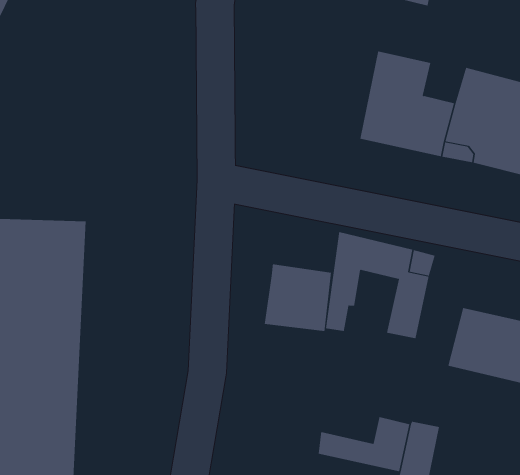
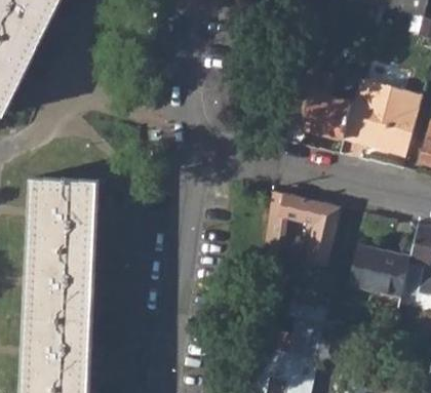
building: [264,263,332,332] -> none

